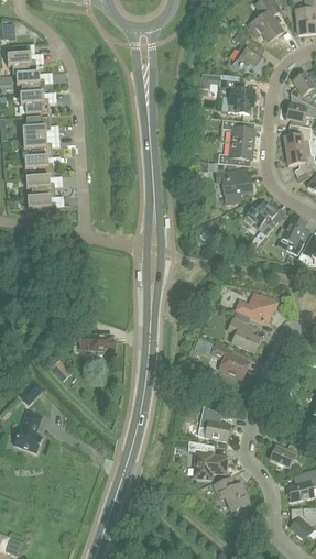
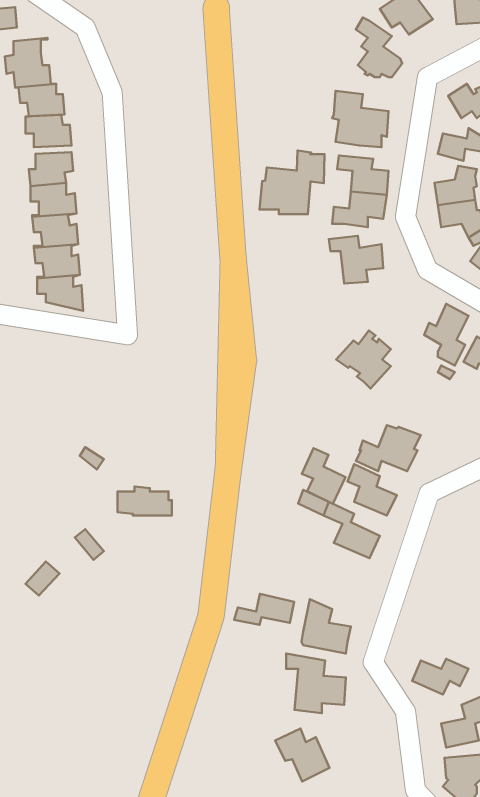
building: none -> [259,150,325,214]
building: [243,198,279,235] -> [336,330,391,388]
building: none -> [302,448,345,504]
building: none -> [234,594,294,625]
building: [13,410,42,452] -> none
building: [214,476,249,511] -> [275,729,330,781]

